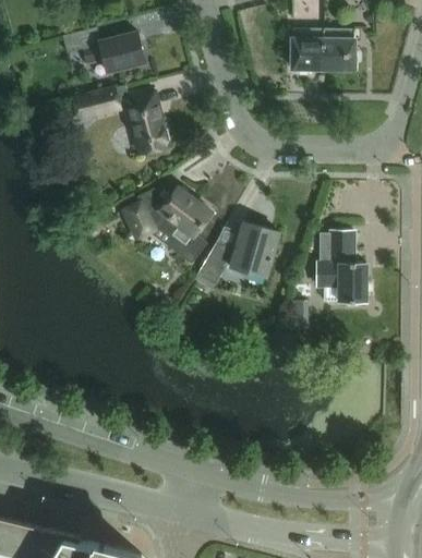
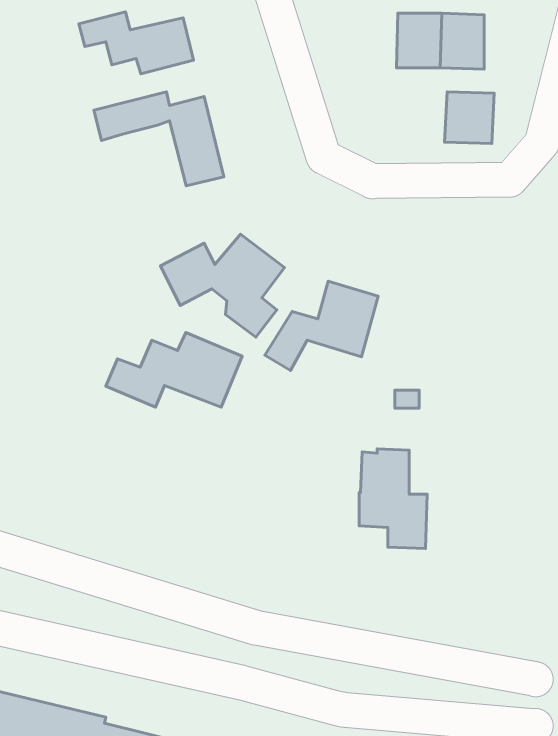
building: none -> [445,92,494,144]
building: [317,231,366,303] -> [359,449,427,549]
building: none -> [106,332,242,407]

